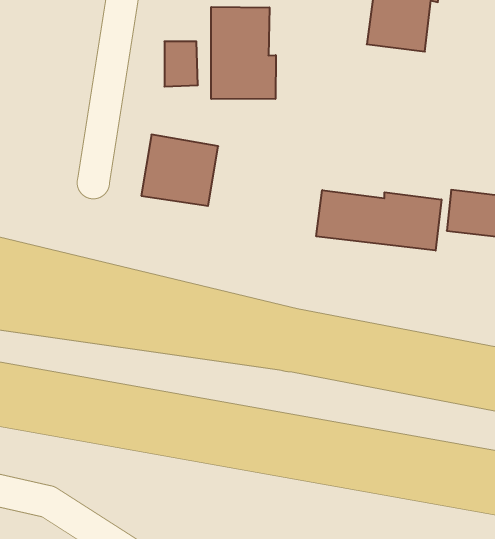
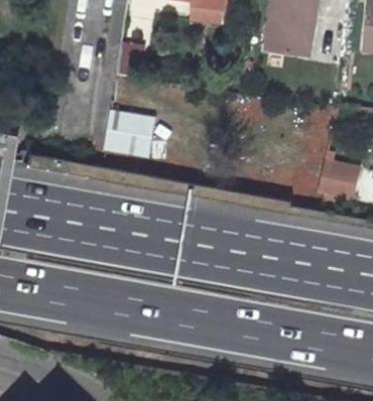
building: [211,7,276,99] -> none
building: [316,190,441,251] -> none

